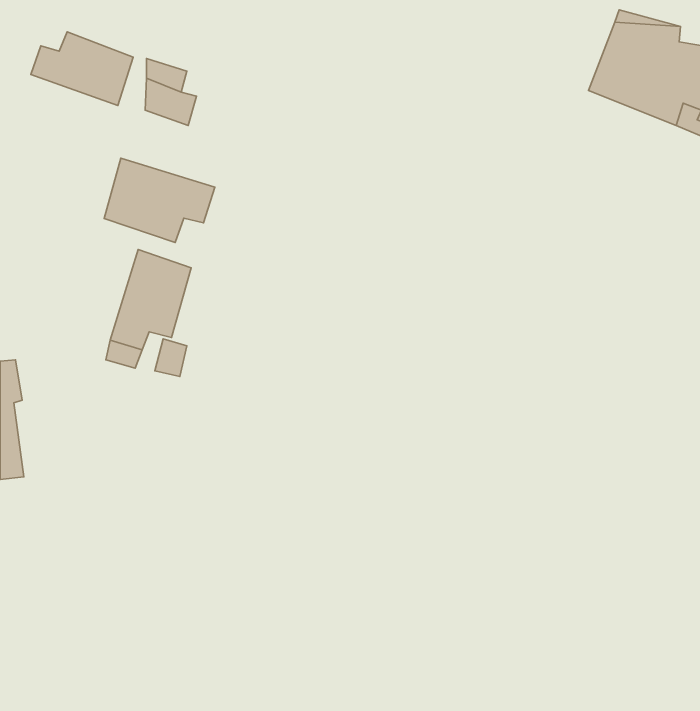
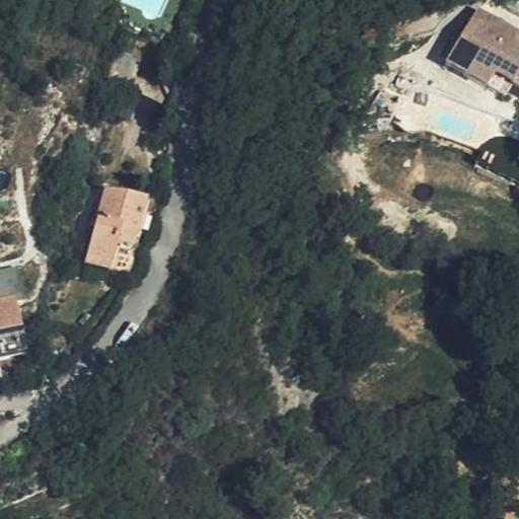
building: [31,32,133,105] -> none
building: [104,158,215,242] -> none

